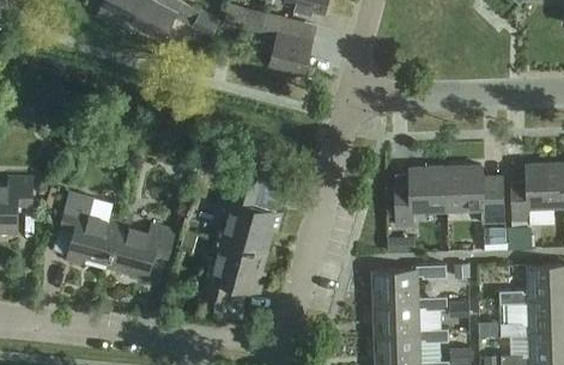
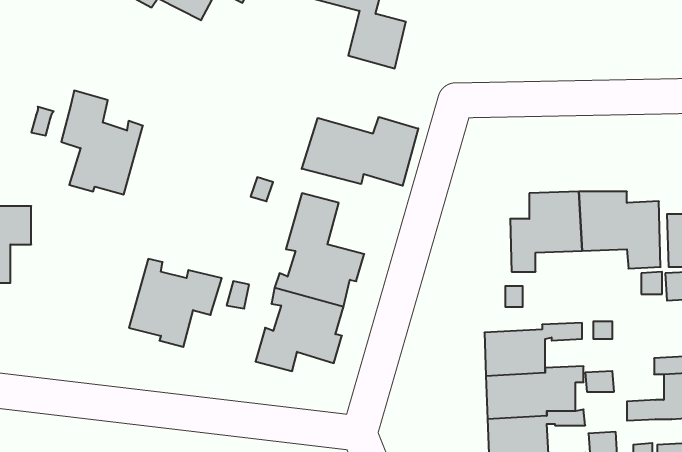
building: none -> [302,117,418,186]
building: [60,191,121,269] -> [61,91,143,195]

